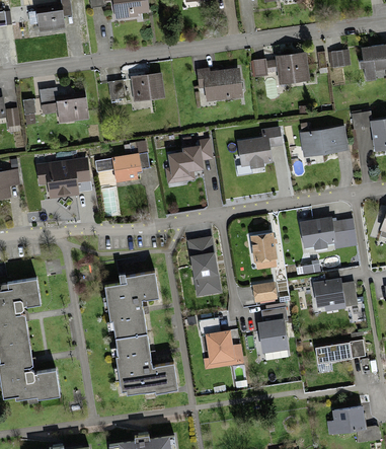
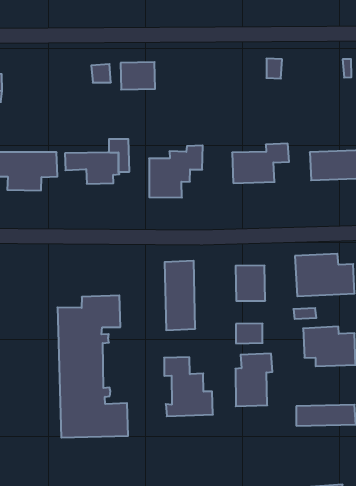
building: [277,55,307,83] -> none
building: [198,67,242,99] -> none
building: [41,86,89,122] -> none

